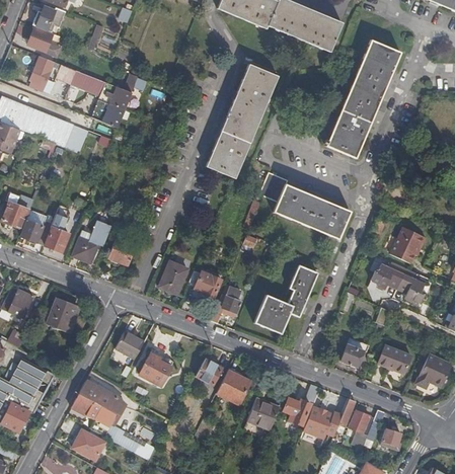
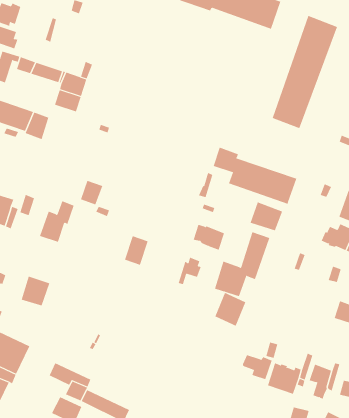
building: [207,65,280,179] -> none
building: [44,231,68,256] -> none
building: none -> [250,202,283,231]
building: [108,239,134,266] -> [80,180,103,205]
building: [187,268,222,298] -> [193,224,225,251]
building: [113,329,144,358] -> none
building: [340,337,369,368] -> none
building: [138,352,169,385] -> none
building: [195,360,221,387] -> none
building: [217,368,251,405] -> [215,292,246,327]
building: [79,379,122,413] -> none
building: [247,397,279,429] -> none

